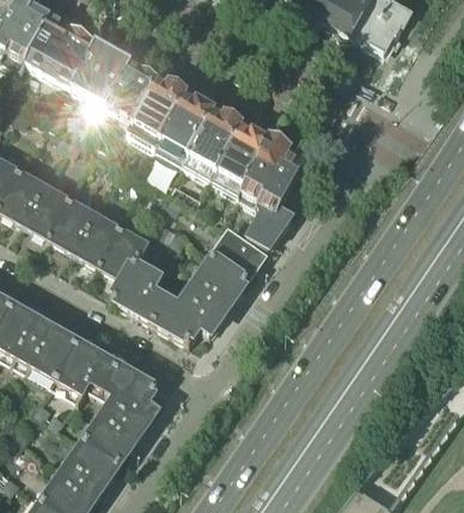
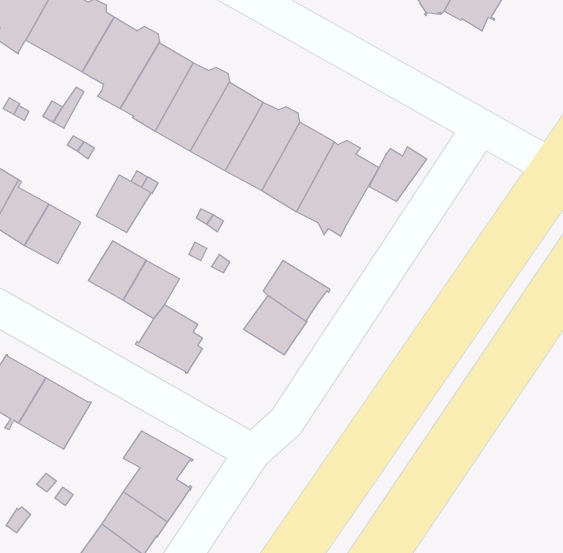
building: [50,201,93,246] -> [96,175,151,233]
building: [246,204,292,248] -> [369,147,427,202]
building: [152,285,228,341] -> none
building: [55,342,116,395] -> none

